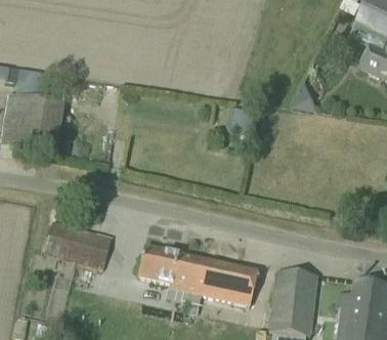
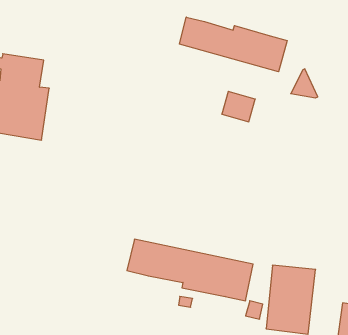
building: none -> [180,17,287,72]
building: [44,220,112,268] -> none

